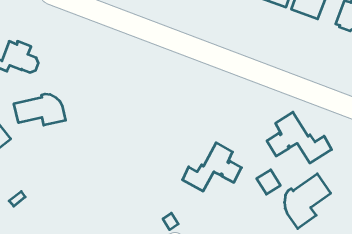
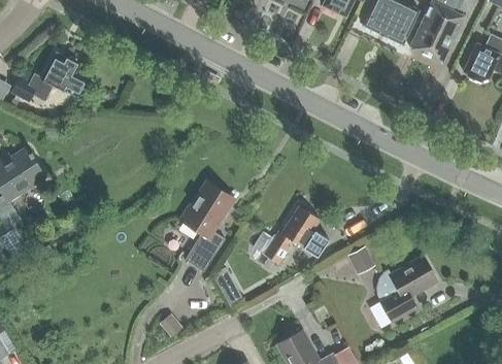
building: [14,94,66,125] -> none
building: [267,112,332,163] -> none
building: none -> [179,180,234,271]

